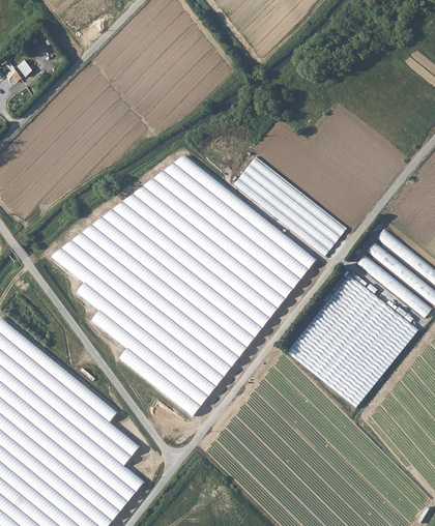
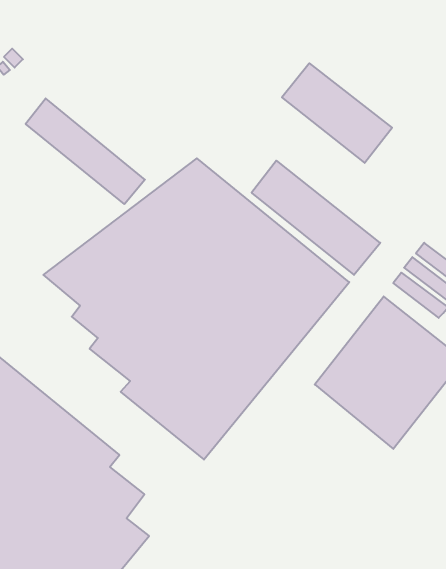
building: none -> [282,63,392,163]
building: none -> [26,98,145,204]

